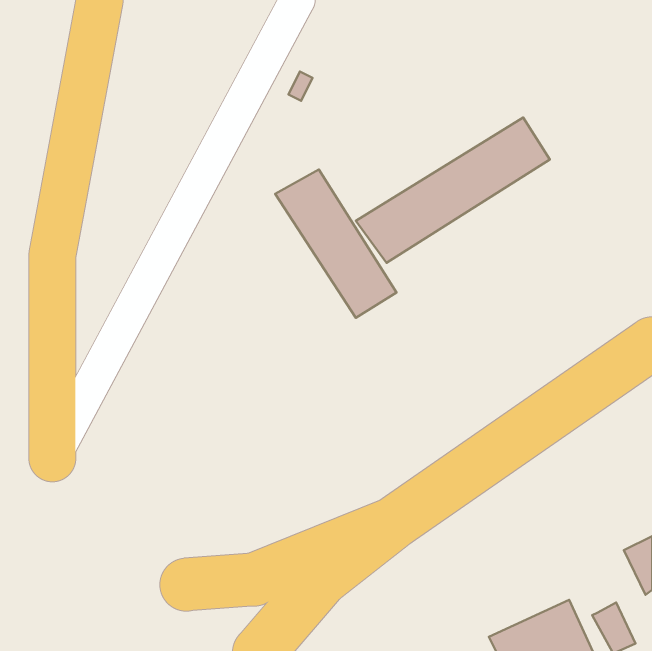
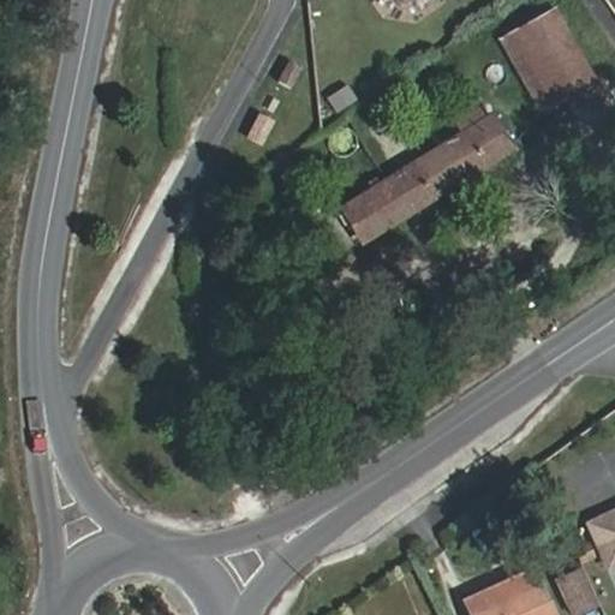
building: none -> [497,6,597,114]
building: [275,169,396,318] -> none

